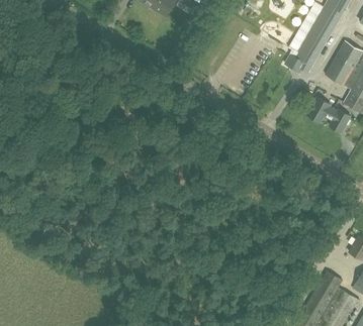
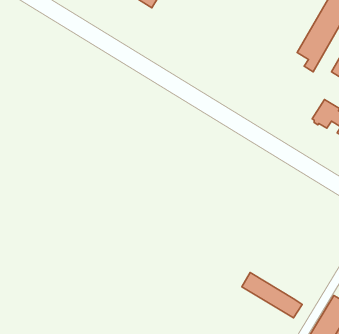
building: none -> [242,272,302,318]

